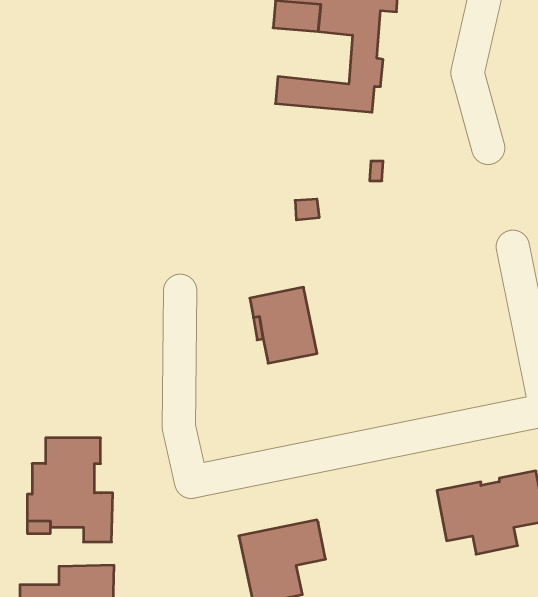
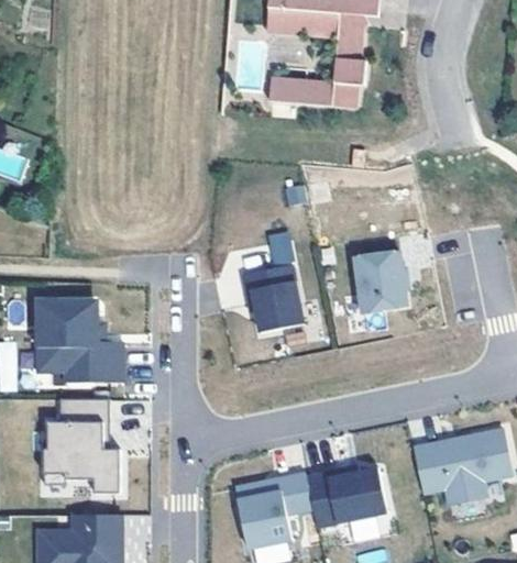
building: none -> [354,250,409,313]
building: none -> [37,300,122,383]
building: none -> [306,464,387,528]

